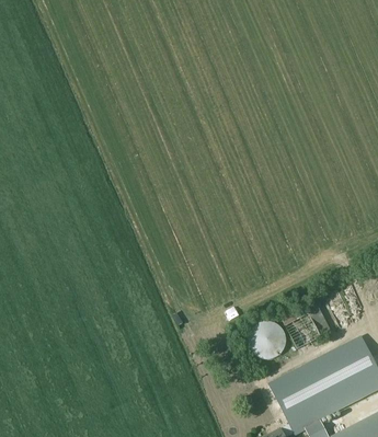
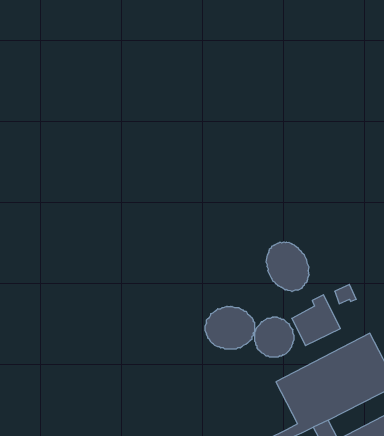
building: none -> [266,242,309,292]
building: none -> [205,306,255,349]

